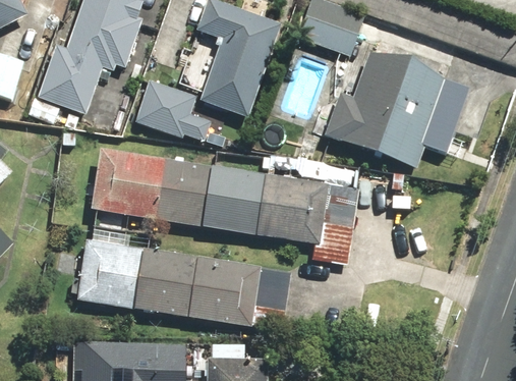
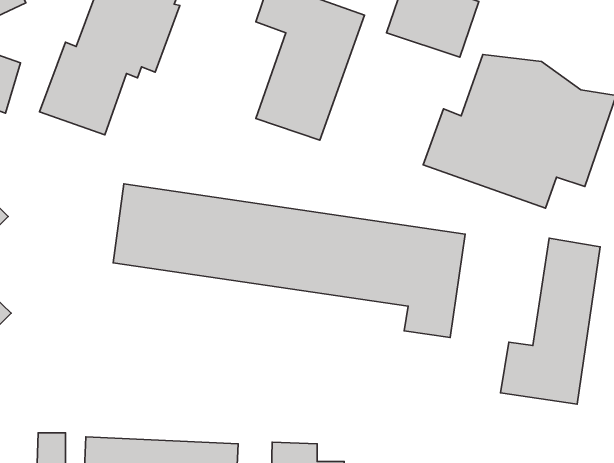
building: [132,80,210,140] -> none
building: none -> [500,238,600,404]
building: [75,238,290,328] -> none

